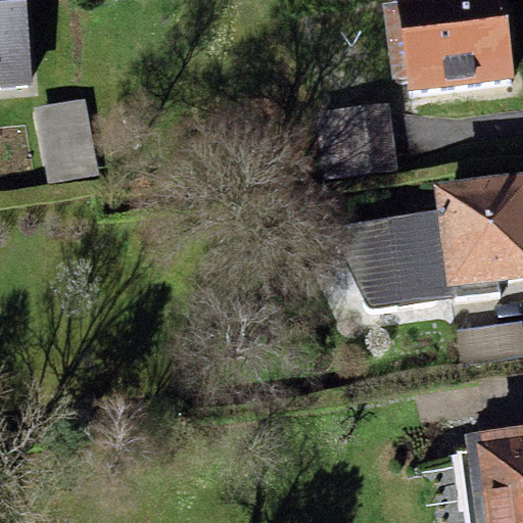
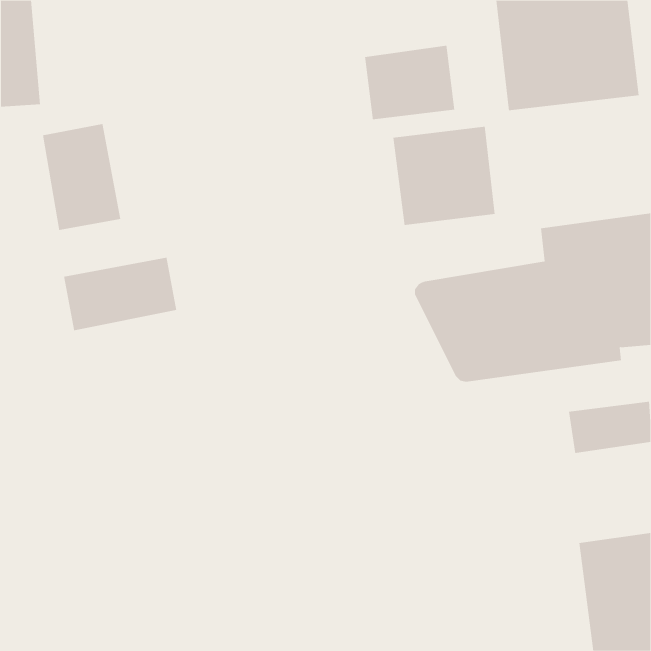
building: none -> [364,45,455,120]
building: none -> [63,257,177,331]

